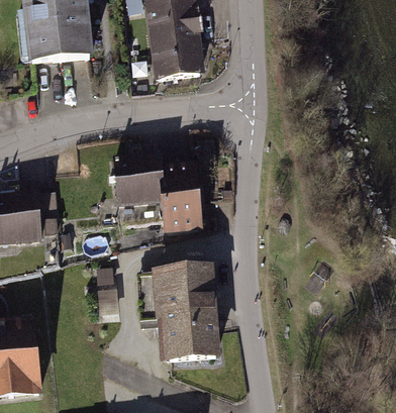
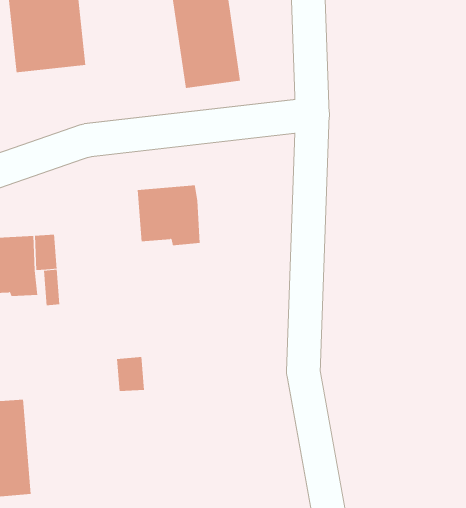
building: [167,160,208,228] -> none
building: [140,264,217,357] -> none

